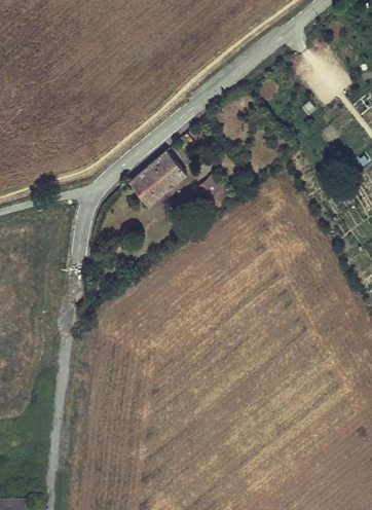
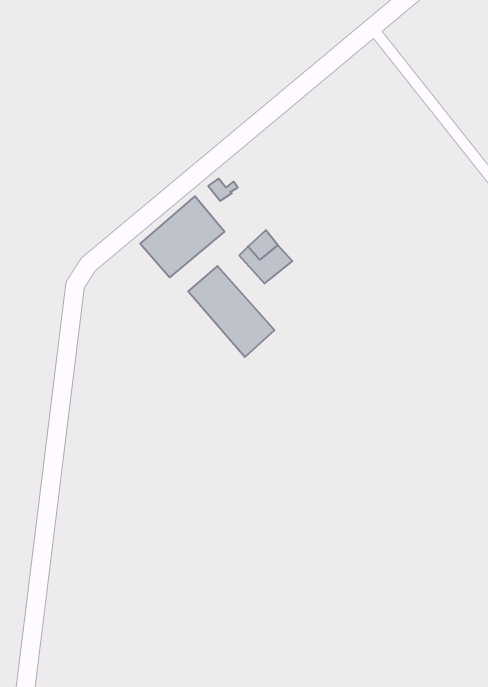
building: none -> [188,266,274,357]

